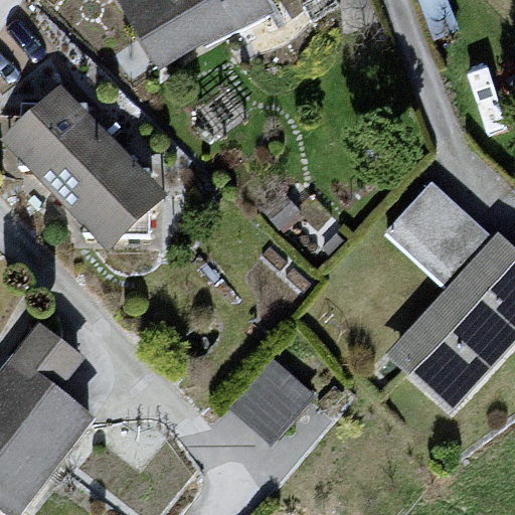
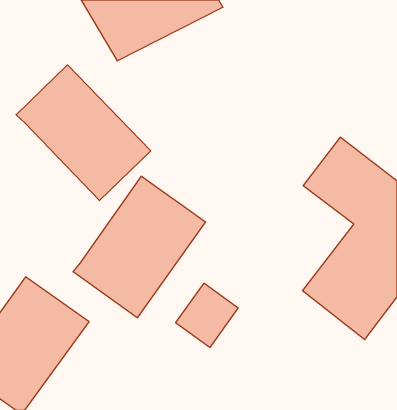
building: none -> [73,176,206,318]

